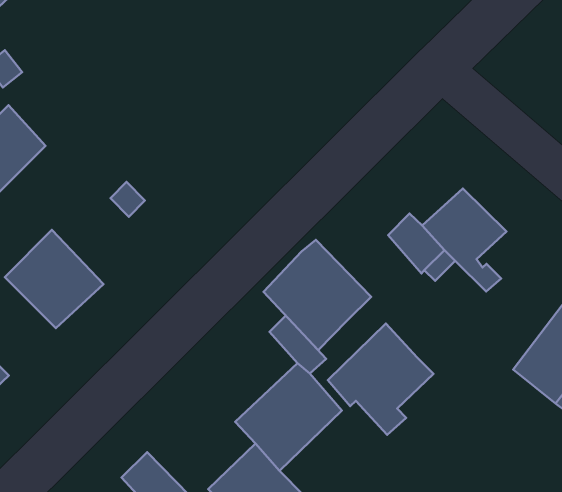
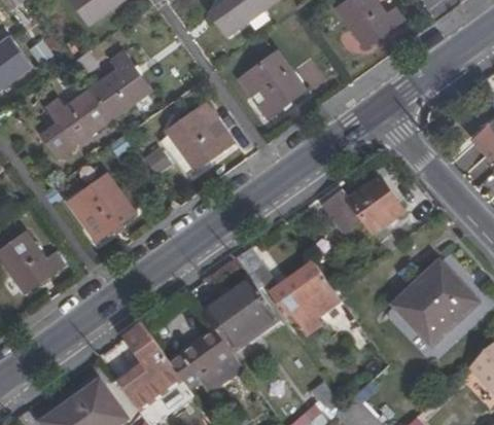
building: none -> [236,46,303,113]
building: none -> [86,46,146,113]
building: none -> [167,101,233,165]
building: [263,240,371,350] -> none

